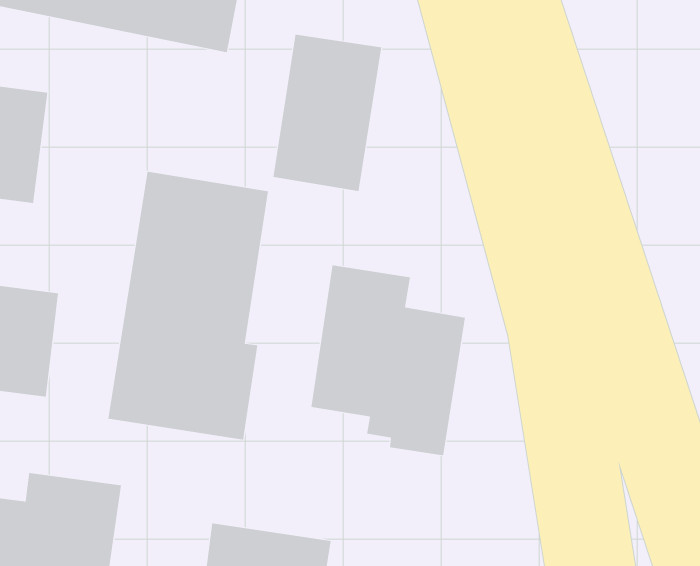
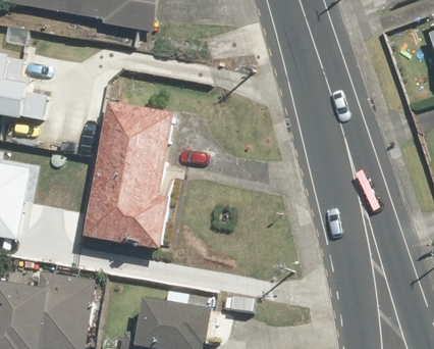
building: [273,34,382,192] -> none
building: [311,264,466,456] -> none

